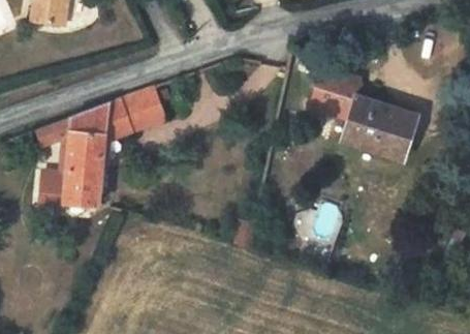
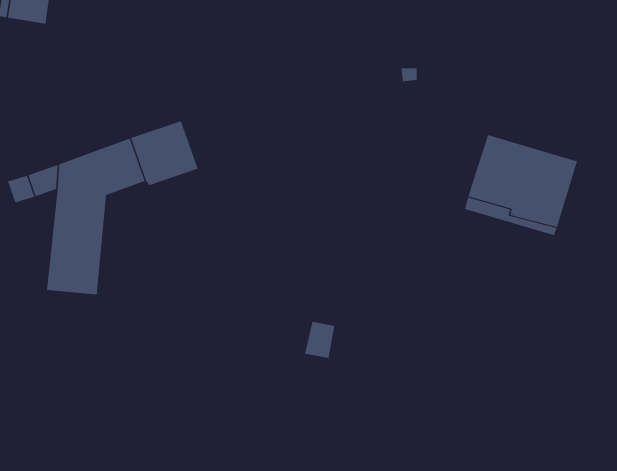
building: [310,68,362,119] -> none
building: [39,170,66,208] -> none

